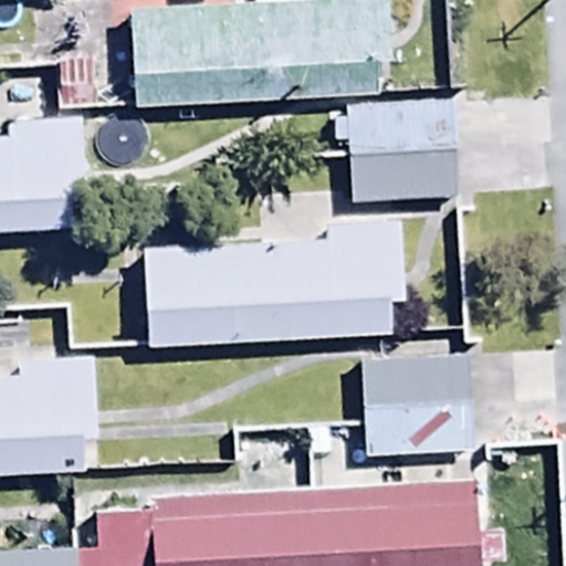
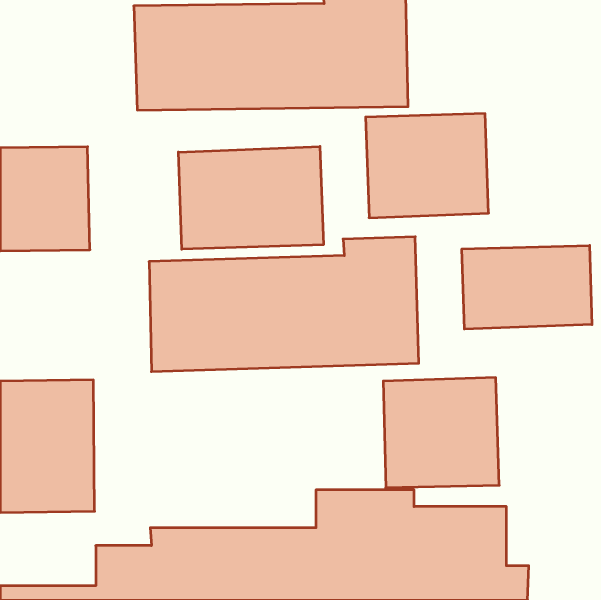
building: none -> [178,146,323,249]
building: none -> [462,245,592,329]

